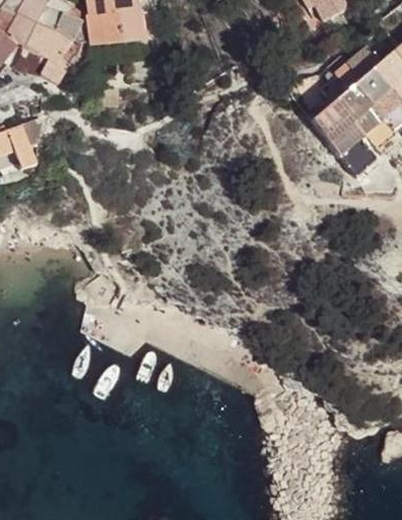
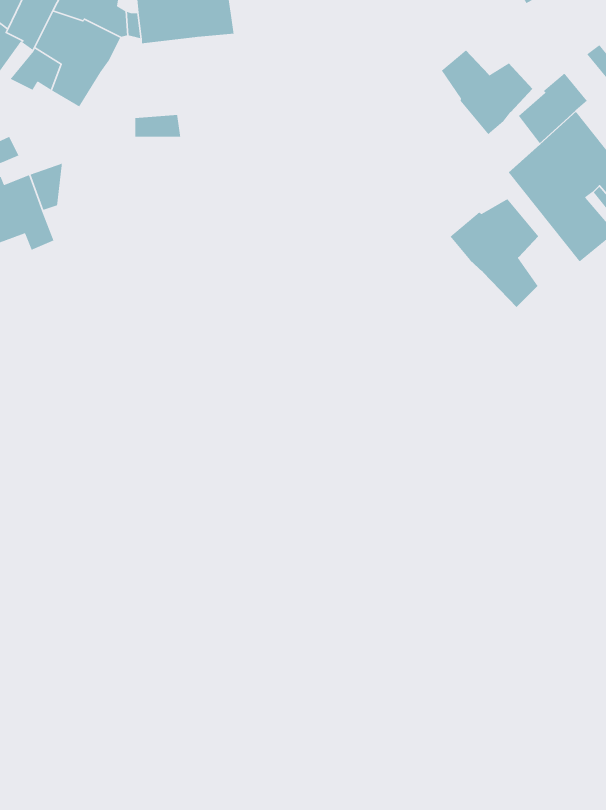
building: none -> [441,50,533,135]
building: none -> [449,198,539,308]

